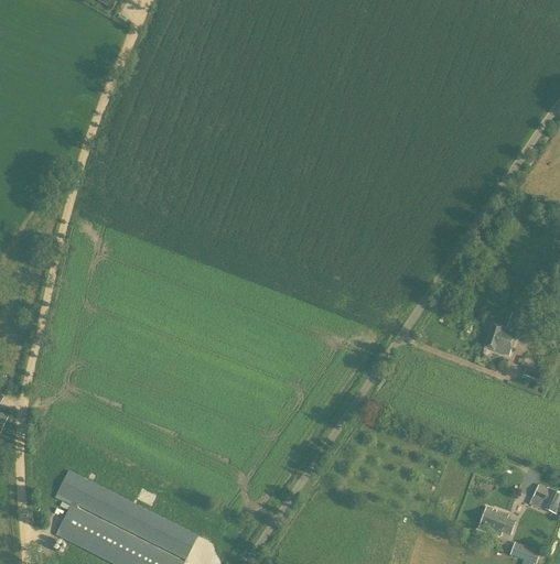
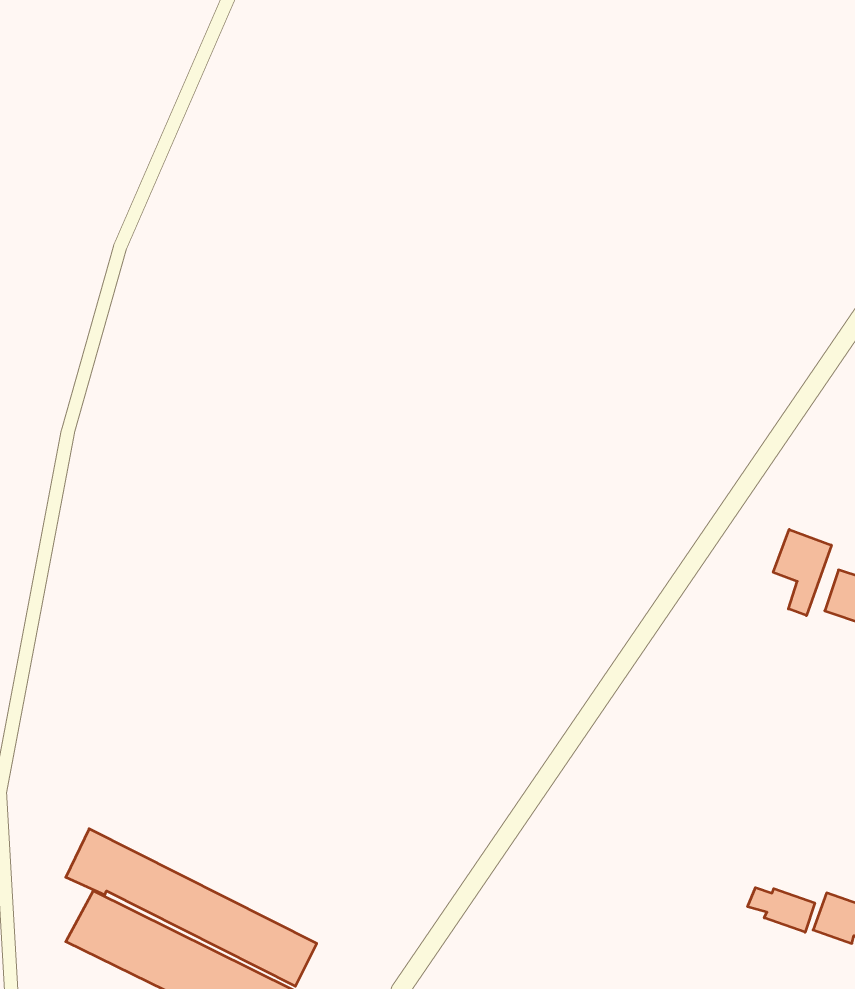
building: none -> [773,529,831,616]
building: none -> [748,888,815,932]

